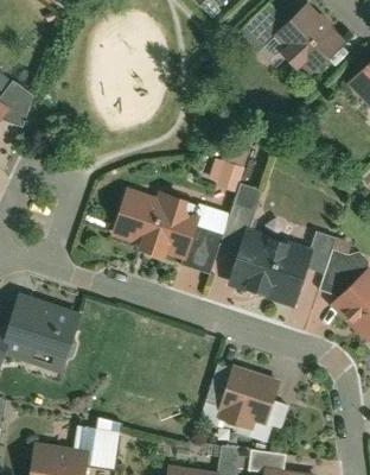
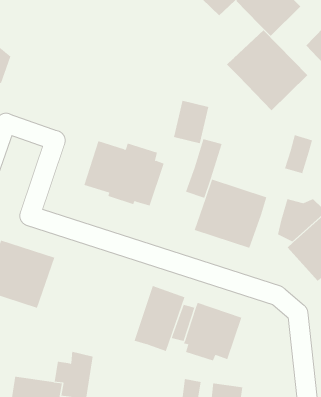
building: none -> [226,30,308,111]
building: [181,208,230,274] -> none
building: [304,232,334,274] -> [284,135,313,174]
building: none -> [134,285,185,352]

